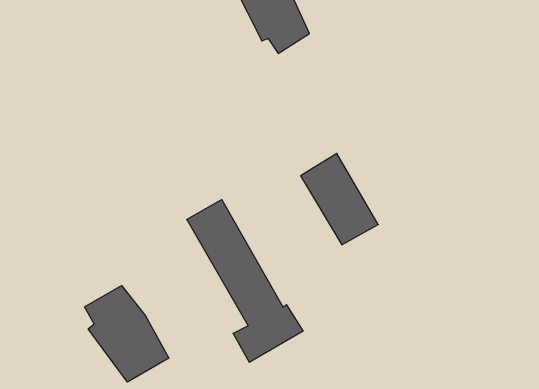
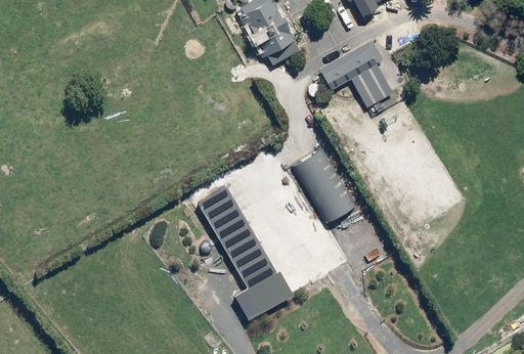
building: none -> [321,41,392,107]
building: [85,286,169,382] -> none

